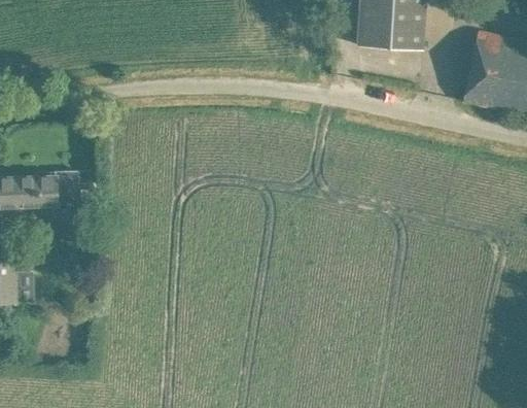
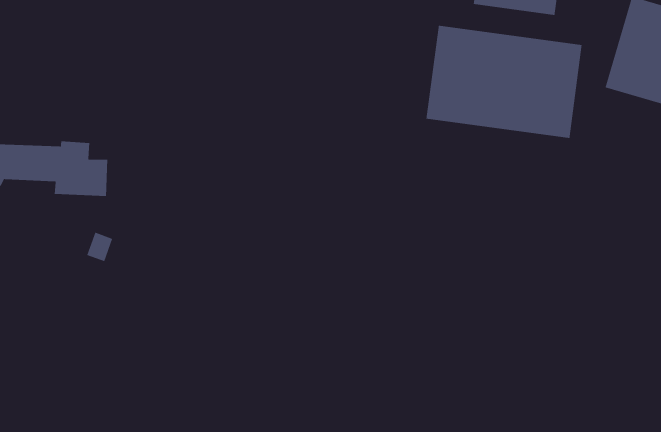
building: none -> [426,25,583,139]

